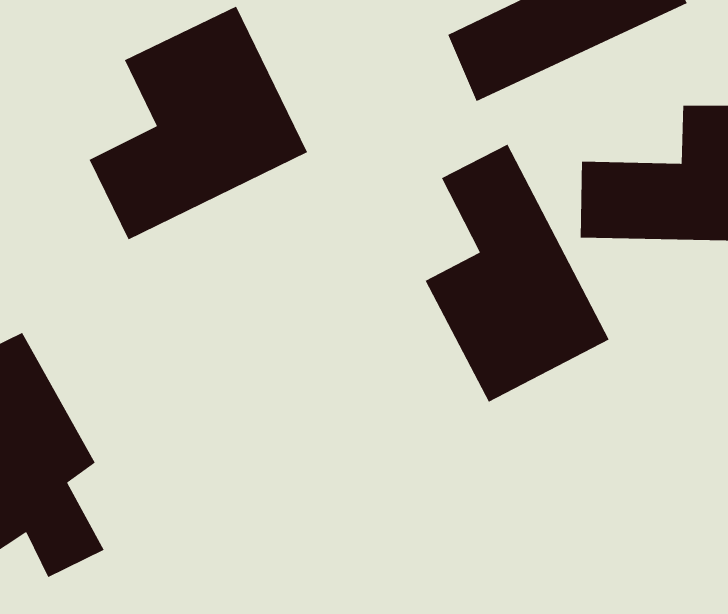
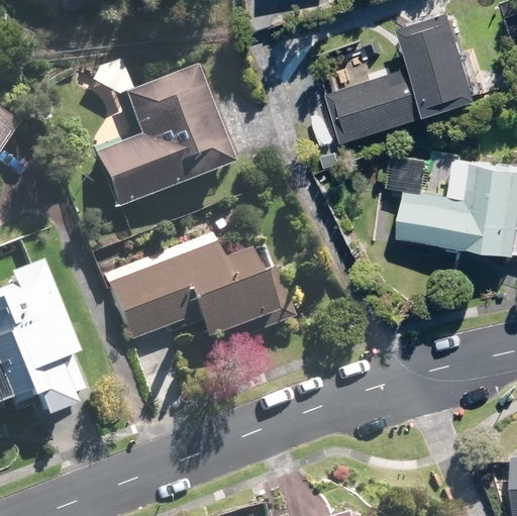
building: [424,143,610,403] -> none
building: none -> [107,240,273,339]

